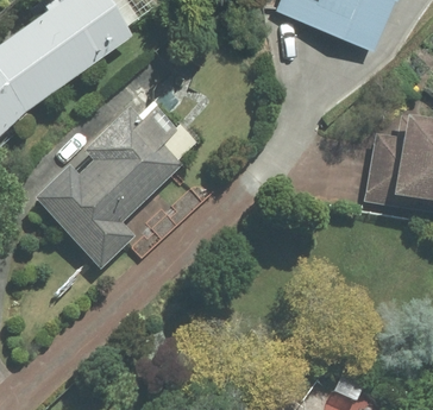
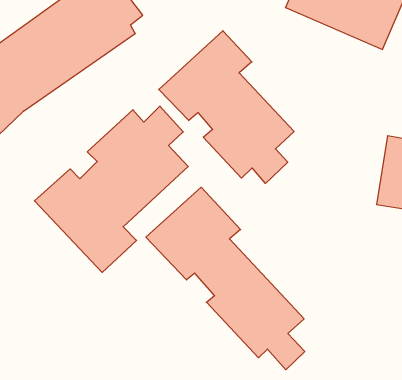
building: none -> [159,31,294,183]
building: none -> [146,187,305,370]

